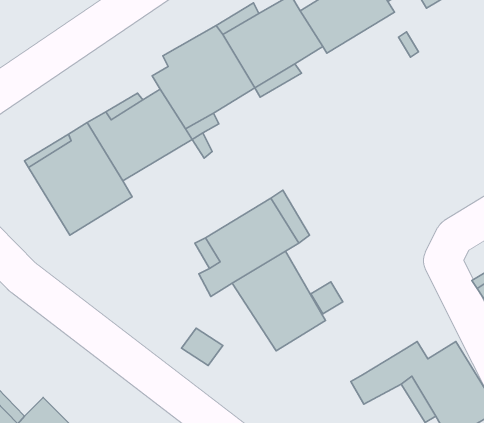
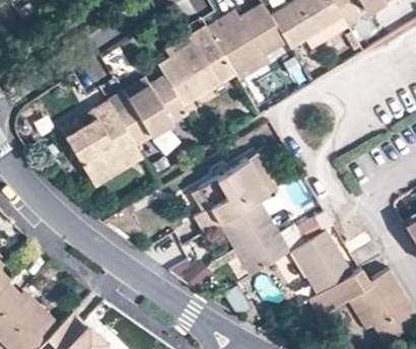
building: none -> [291,231,351,294]

